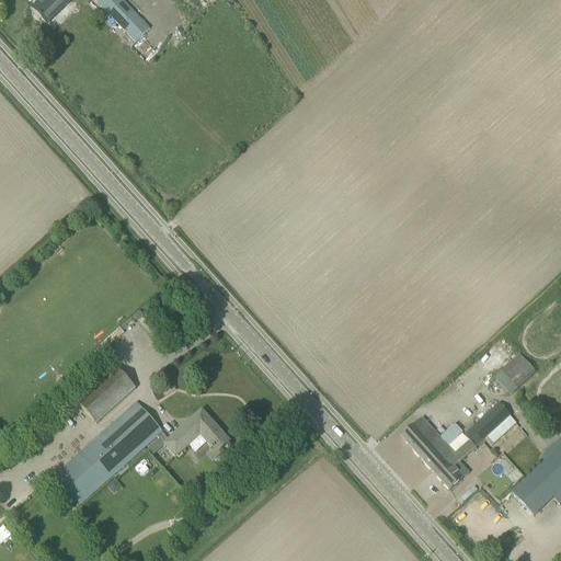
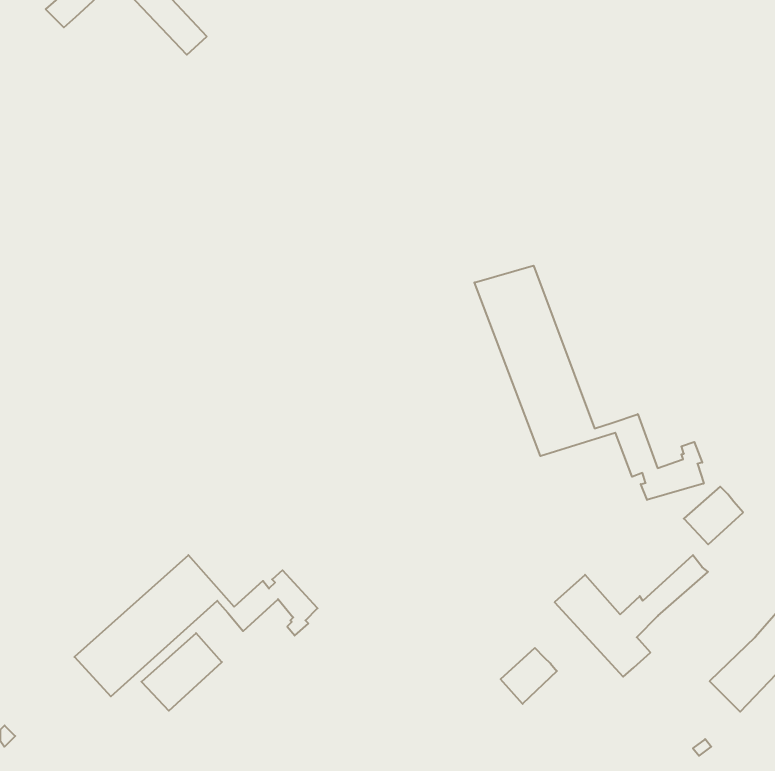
building: none -> [474,266,704,500]
building: [78,365,136,421] -> [141,633,222,711]
building: none -> [501,648,557,704]

